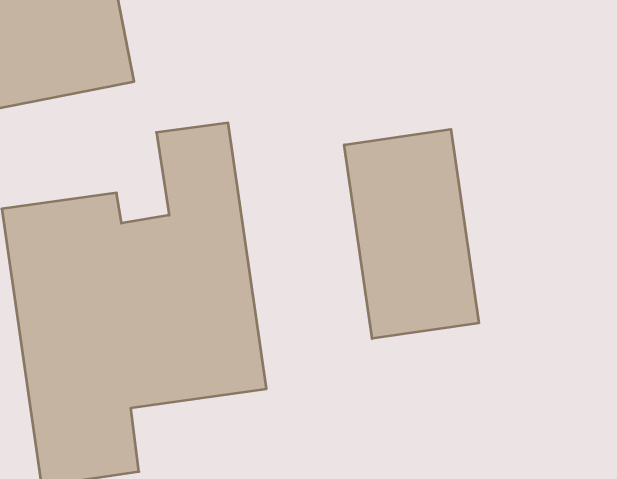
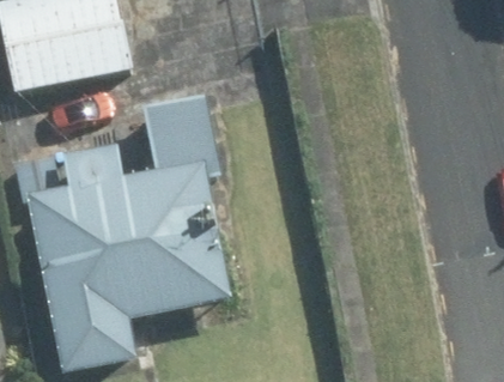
building: [344,129,479,339] -> none

